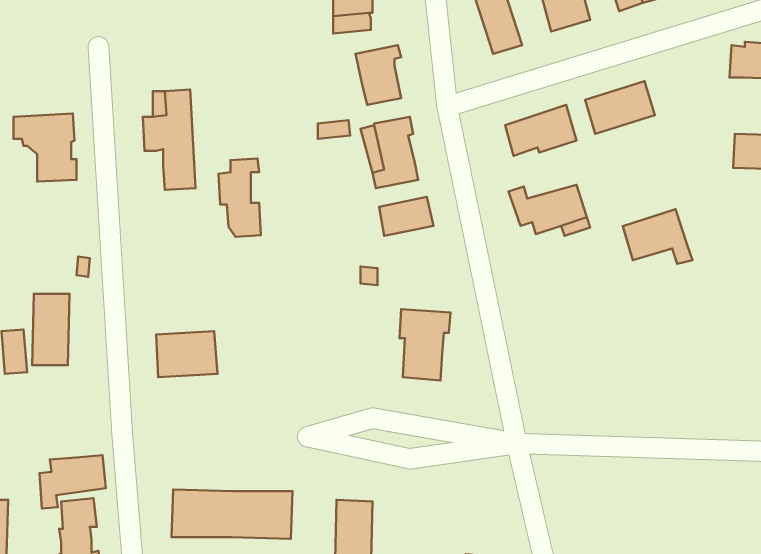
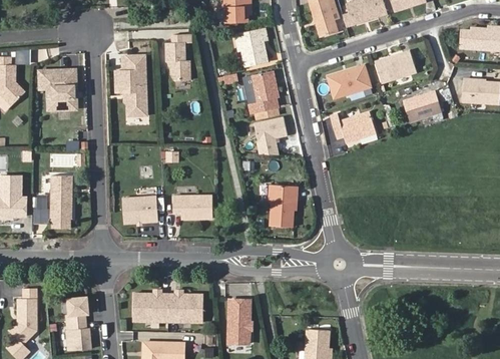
building: [218,159,261,237] -> [164,33,189,79]
building: [623,209,692,264] -> [404,90,445,122]
building: none -> [173,198,213,221]
building: [39,455,106,509] -> none

